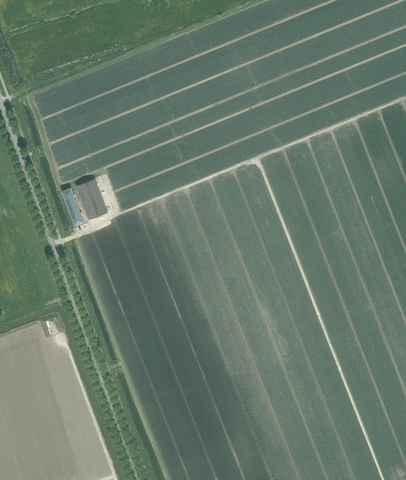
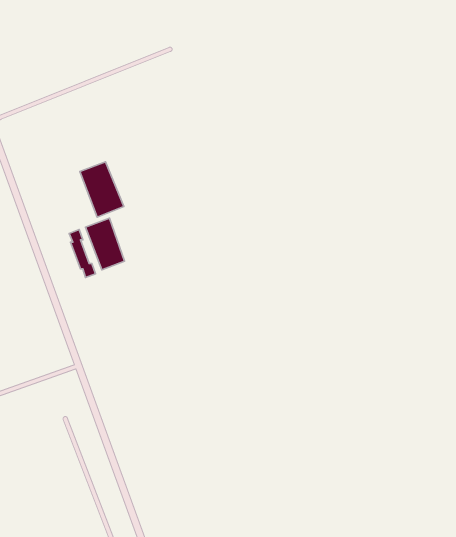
building: none -> [80,162,124,217]

